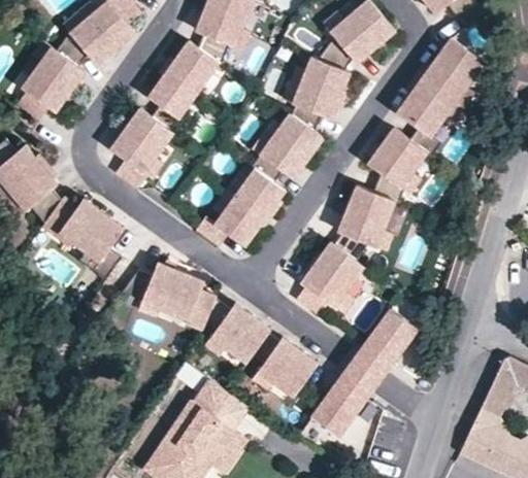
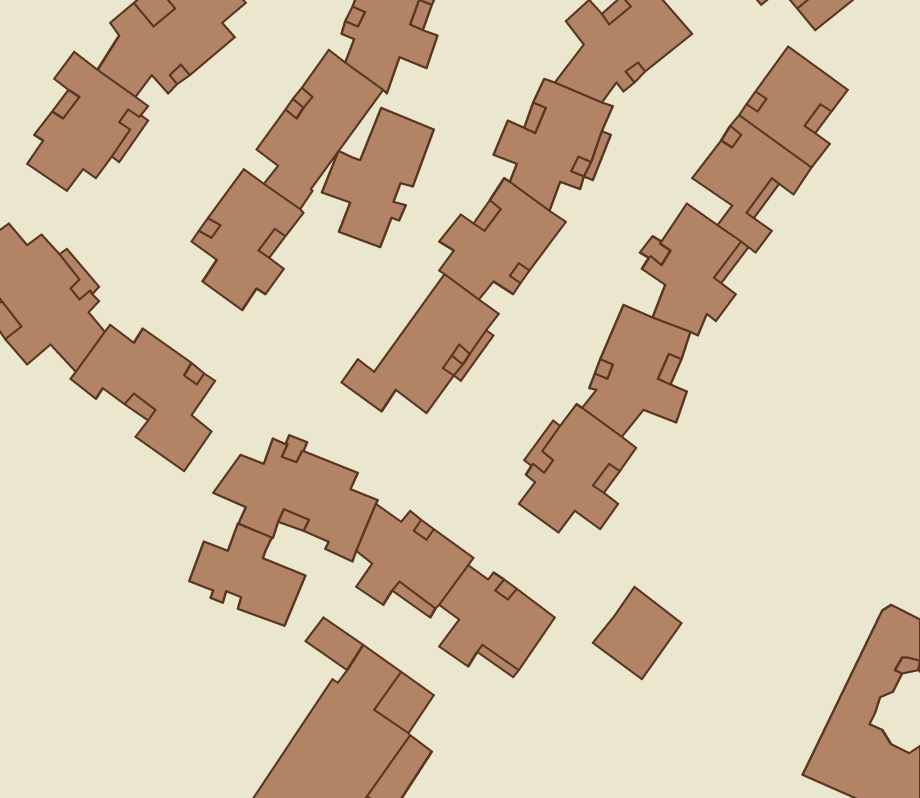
building: none -> [322,108,434,247]
building: [363,308,418,366] -> none
building: none -> [189,524,305,626]
building: [311,377,367,436] -> none

